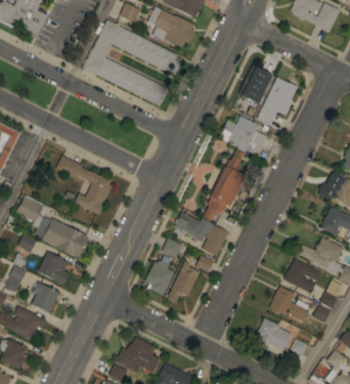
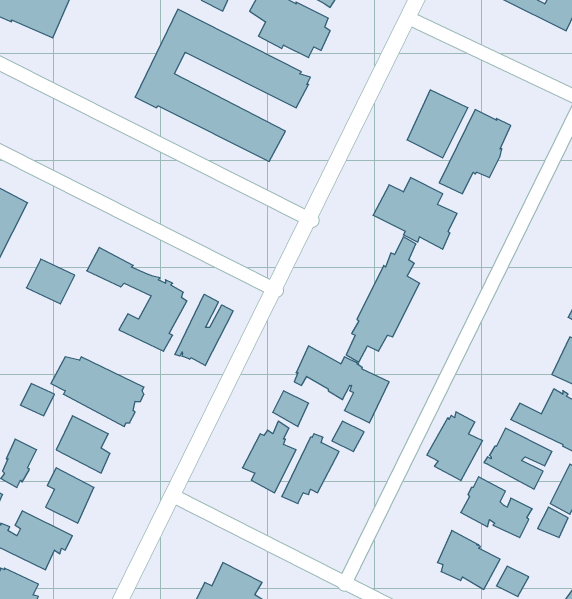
building: none -> [175,294,233,366]
building: [16,197,44,222] -> [26,259,75,304]
building: none -> [427,412,482,481]

